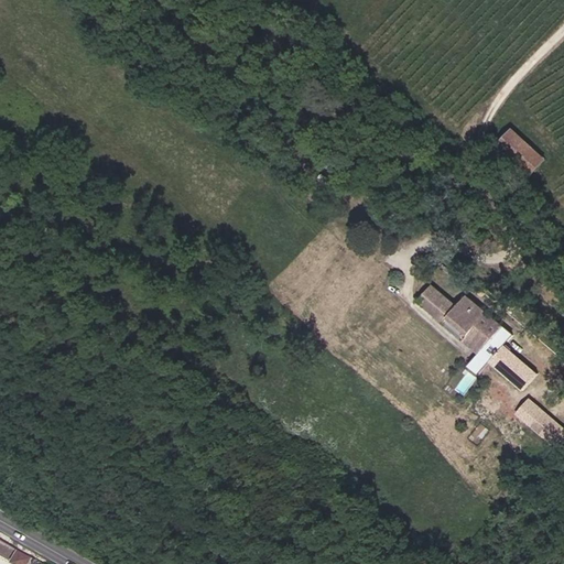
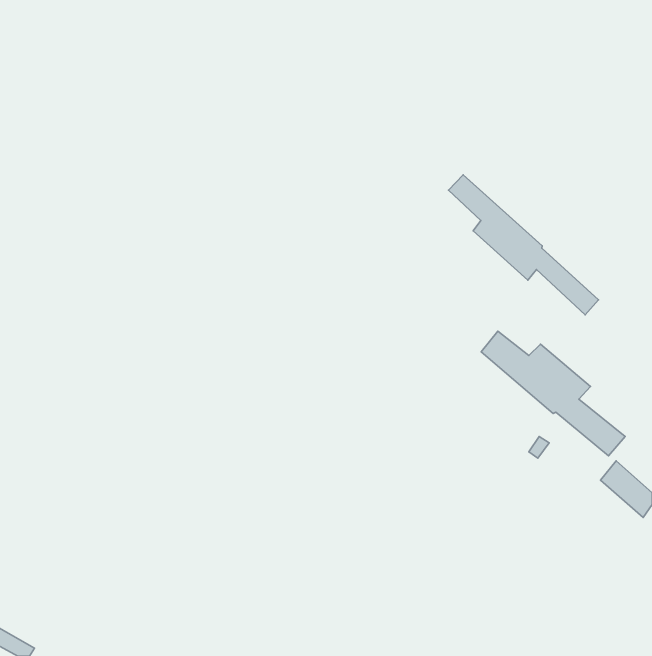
building: [498,129,544,174] -> none
building: none -> [449,175,598,315]

